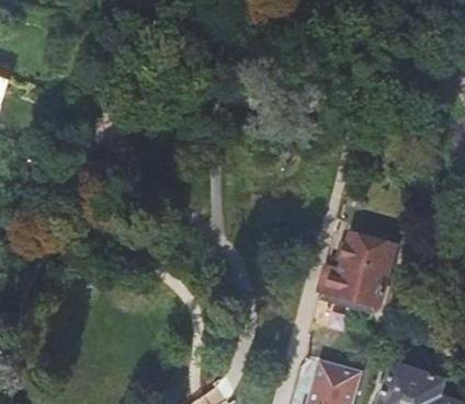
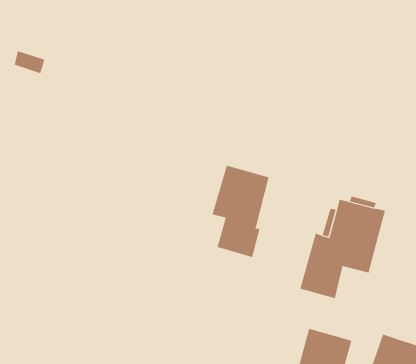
building: none -> [212,165,269,258]

